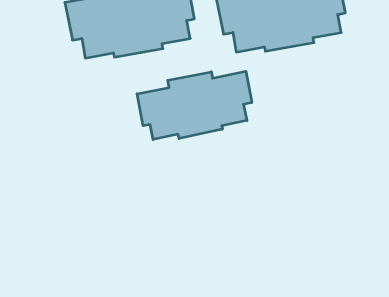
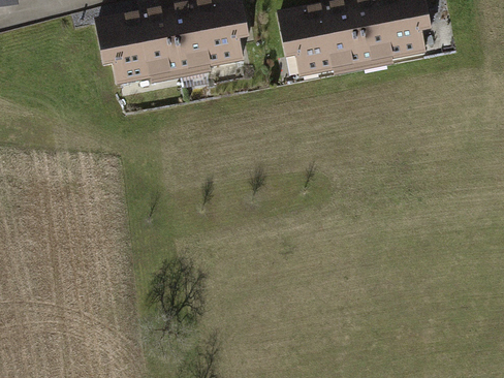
building: [137,71,252,140] -> none

